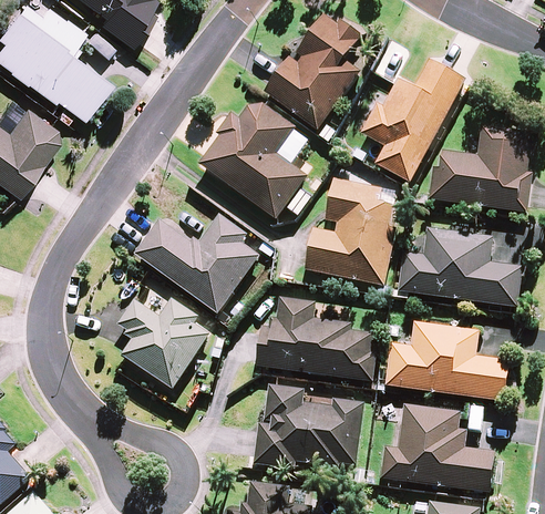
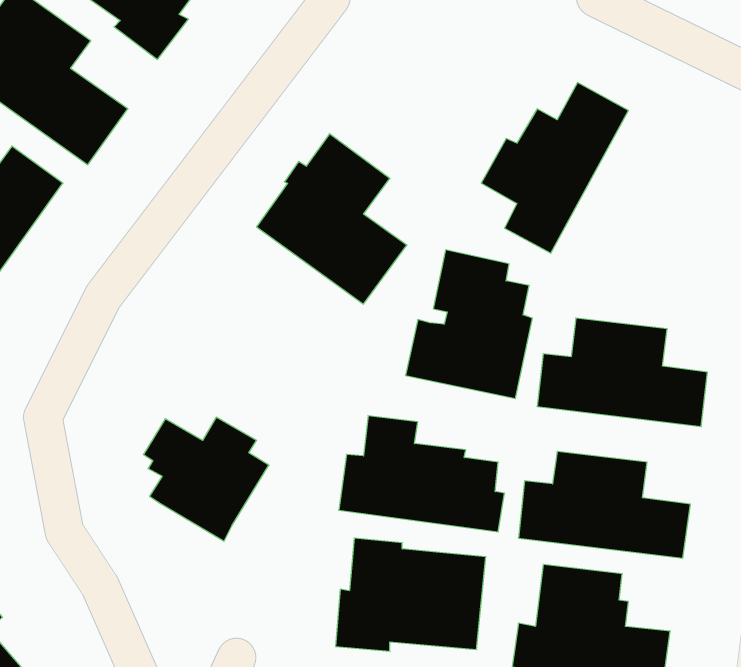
building: [265,12,358,130] -> none
building: [431,126,531,213] -> none
building: [135,215,264,312] -> none

